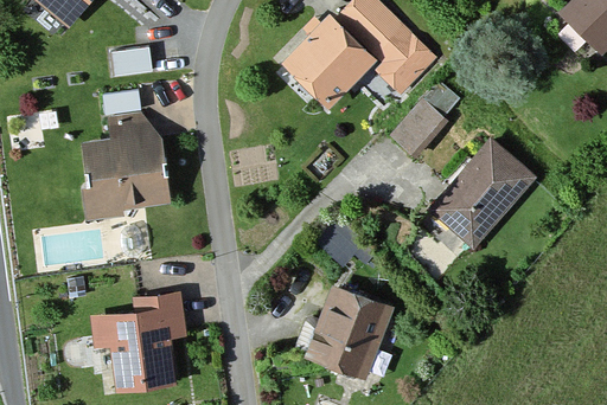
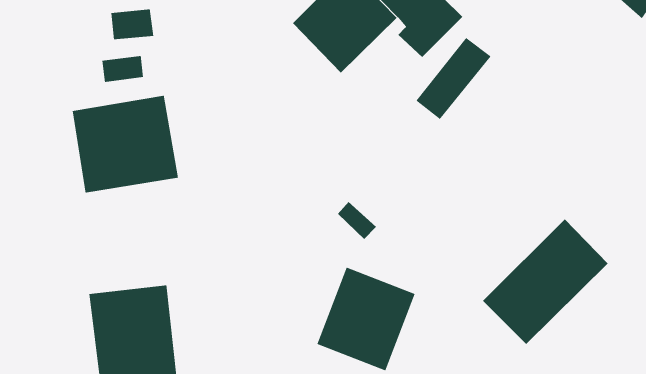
building: [420,135,536,251] -> [482,218,608,345]

